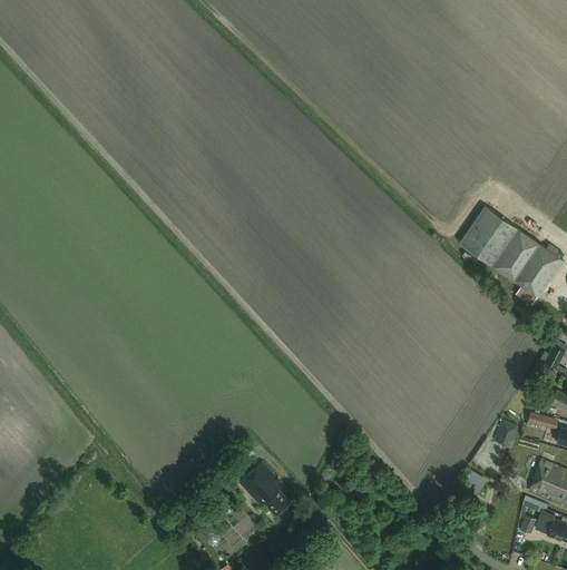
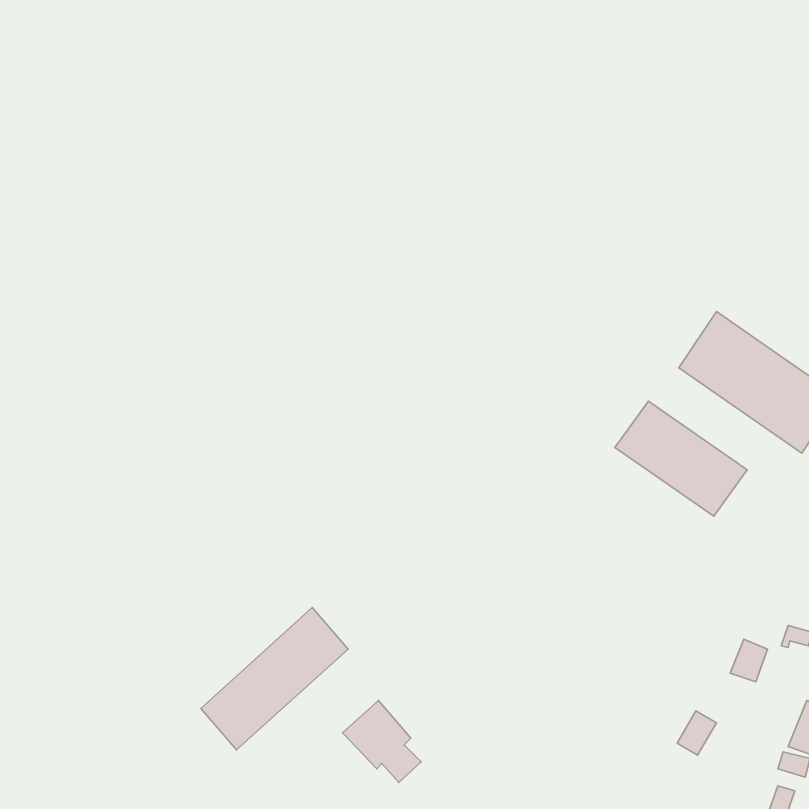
building: none -> [615,401,747,516]
building: none -> [201,608,348,750]

